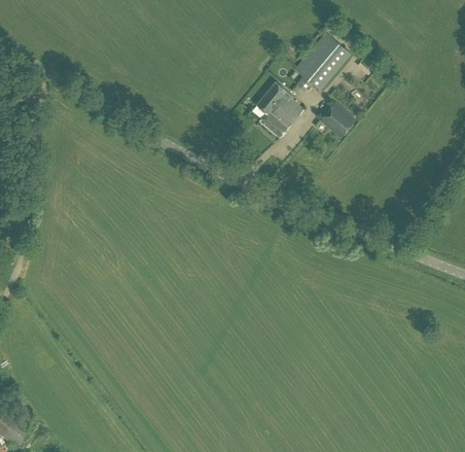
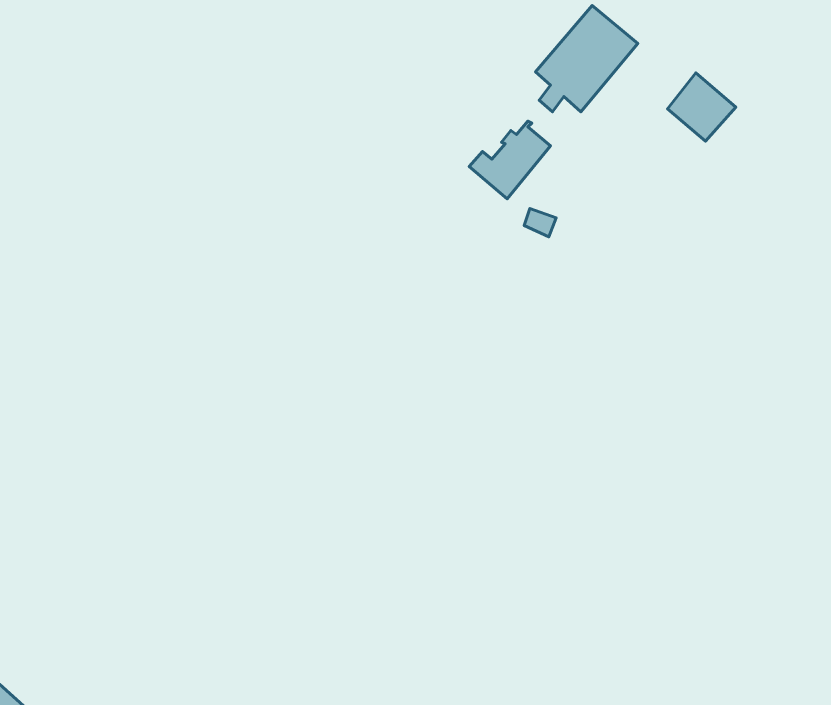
building: [256,82,290,116] -> none
building: [319,101,356,138] -> [667,73,736,141]

